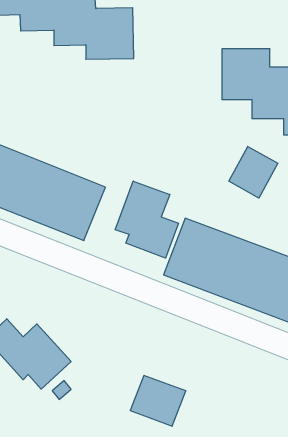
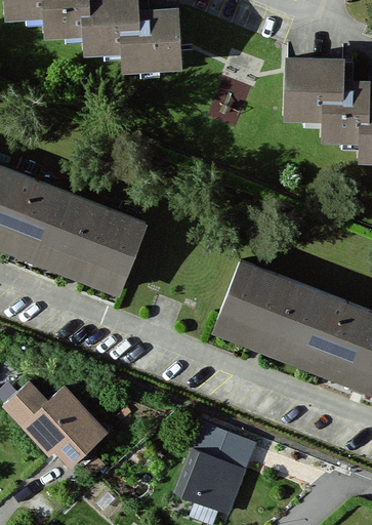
building: [229,146,278,198] -> none
building: [115,181,179,258] -> none
building: none -> [193,423,252,469]

